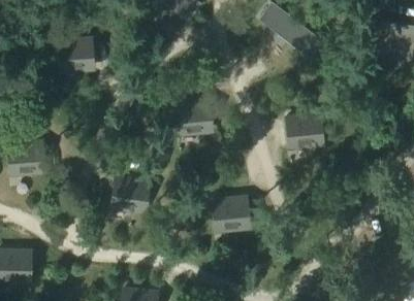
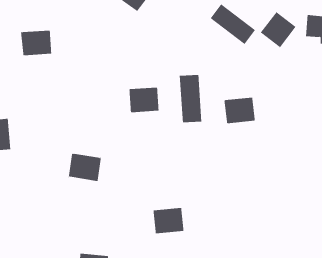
building: none -> [260,10,297,49]
building: none -> [179,74,202,123]
building: [214,197,250,229] -> [153,206,185,235]

